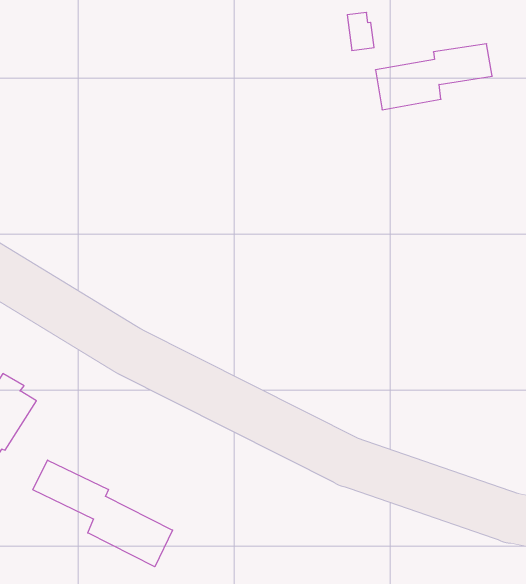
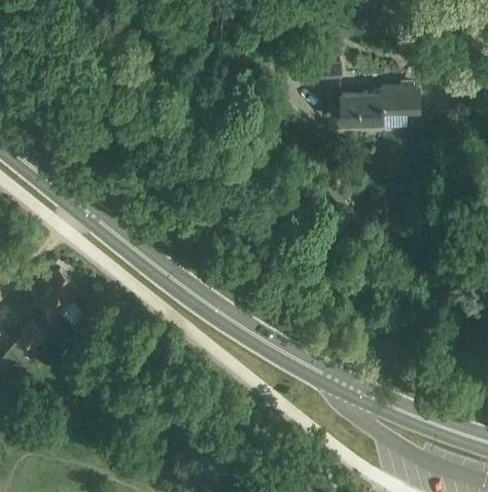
building: [33,460,173,567] -> none

